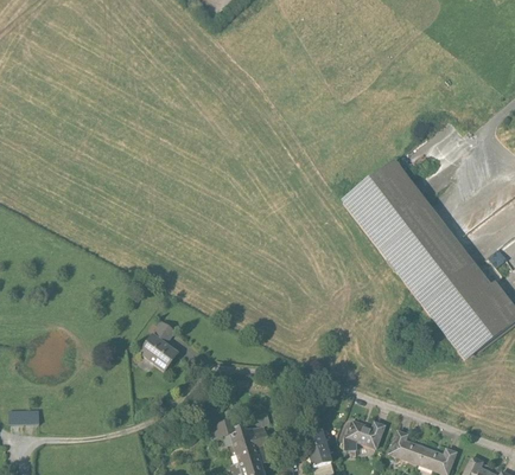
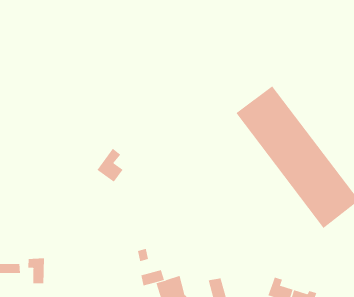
building: [139,321,177,370] -> [97,148,124,183]
building: none -> [28,257,44,284]
building: [344,417,383,449] -> none

